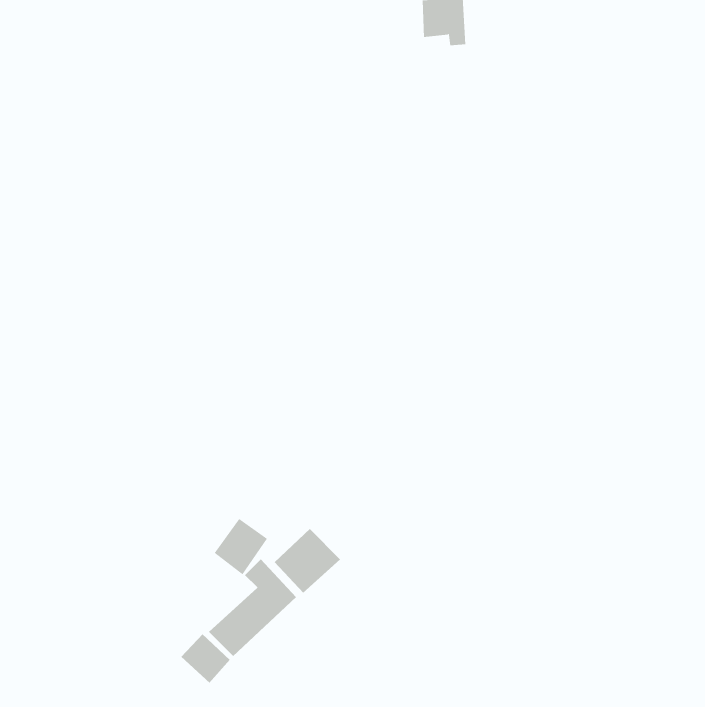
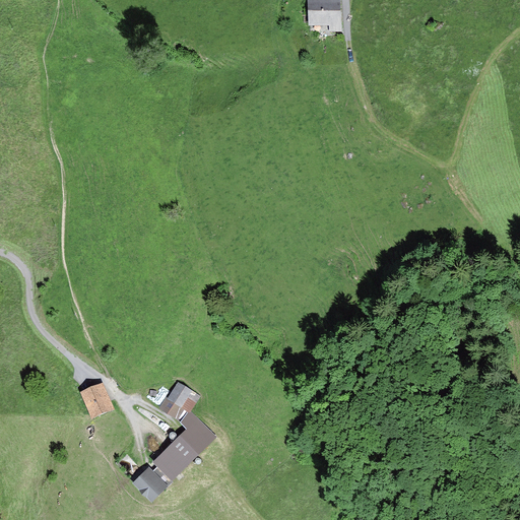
building: none -> [79,381,115,418]
building: [274,528,341,594] -> none

